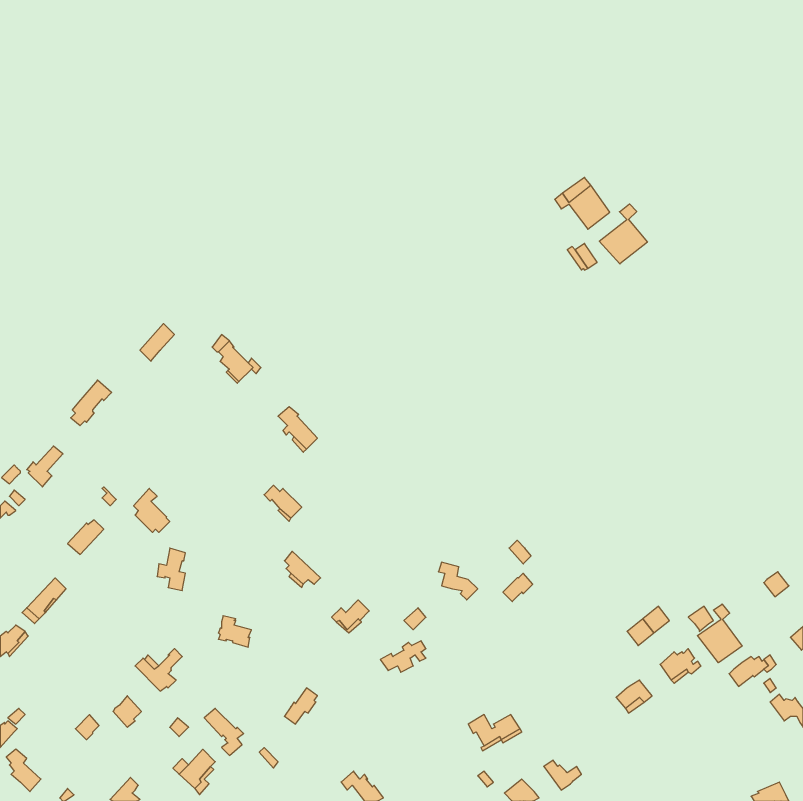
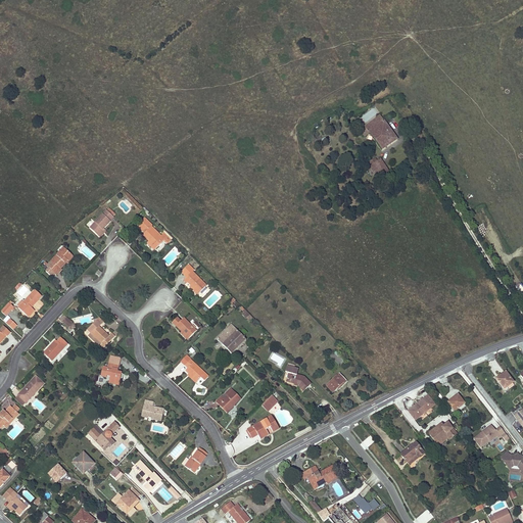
building: [599,204,647,264] -> none
building: none -> [217,320,246,353]
building: [697,604,742,663] -> none

